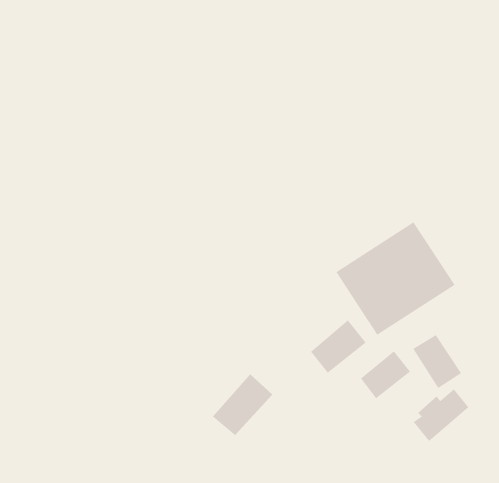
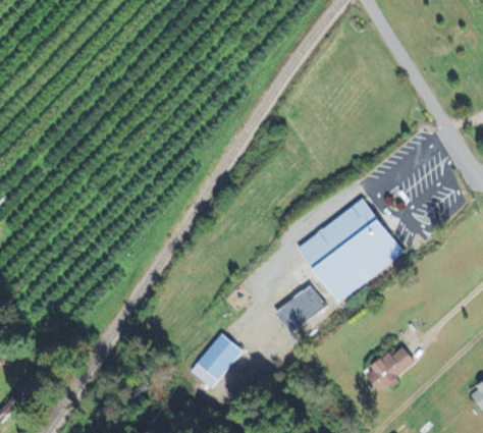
building: [412,334,462,389] -> none
building: [360,351,411,399] -> none

